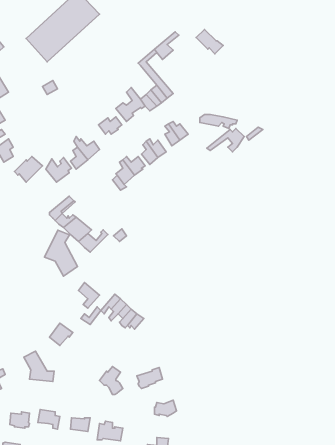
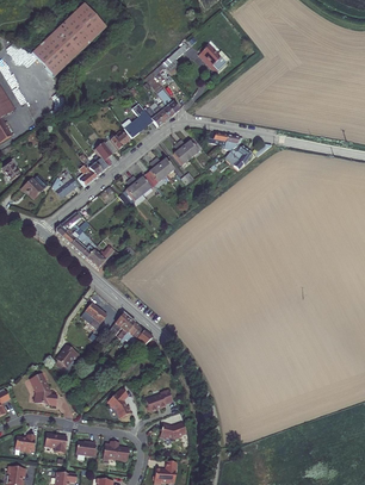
building: [45,230,77,276] -> none

